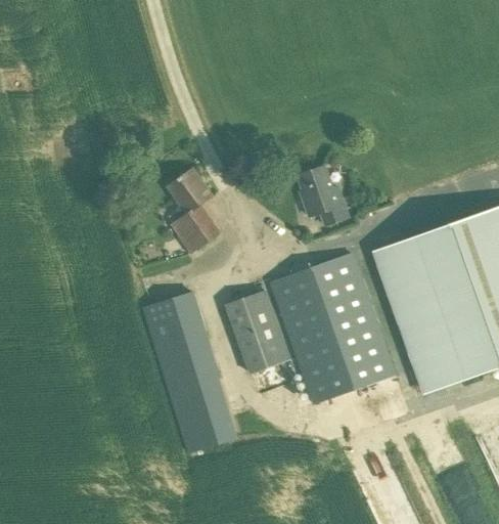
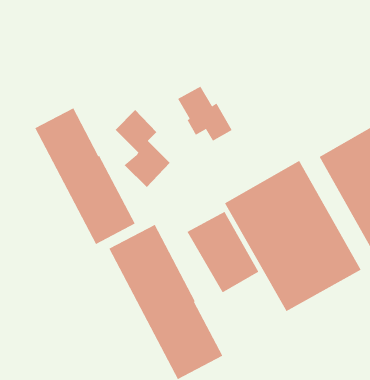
building: none -> [34,107,136,245]
building: [298,166,349,225] -> [177,86,233,141]

